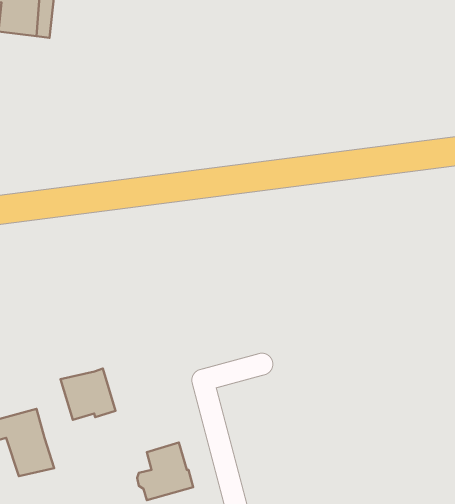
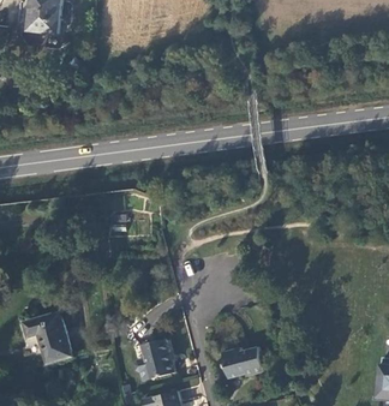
building: [60,369,115,420] -> none
building: none -> [221,345,263,377]

